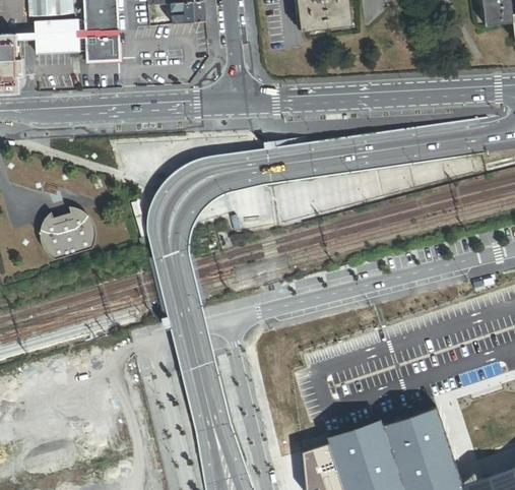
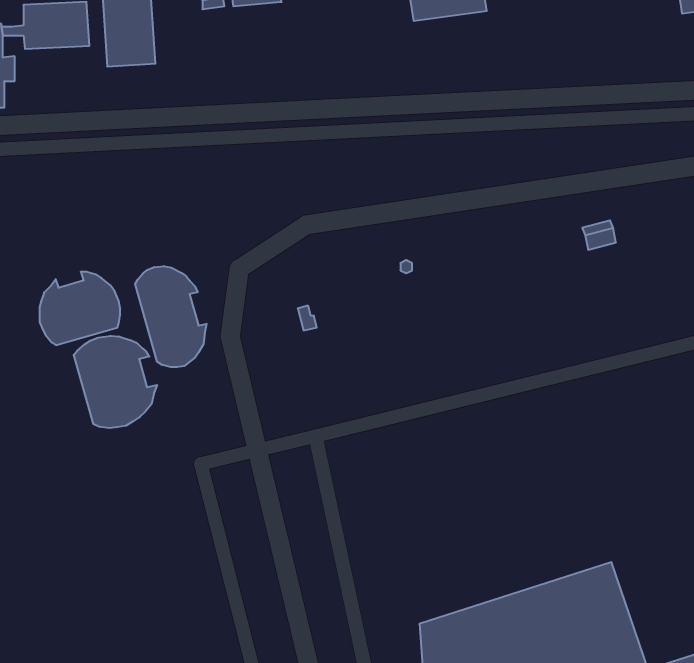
building: none -> [135,266,207,367]
building: none -> [74,336,157,428]

